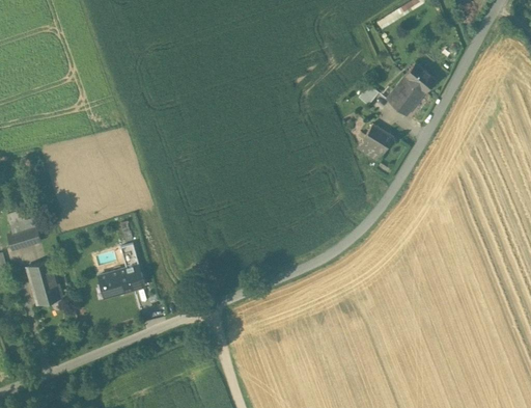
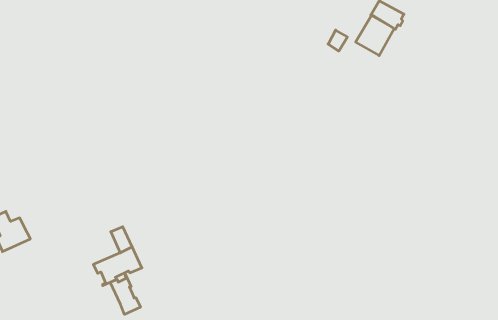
building: [362,126,393,164] -> none
building: [27,262,62,305] -> none
building: none -> [110,275,140,314]

